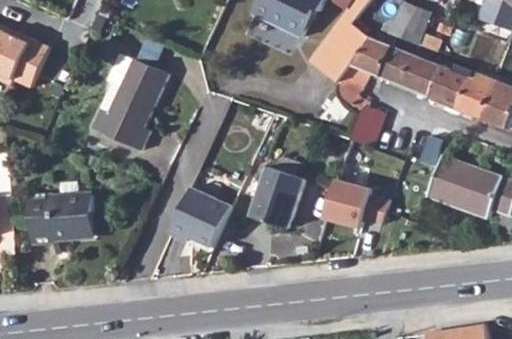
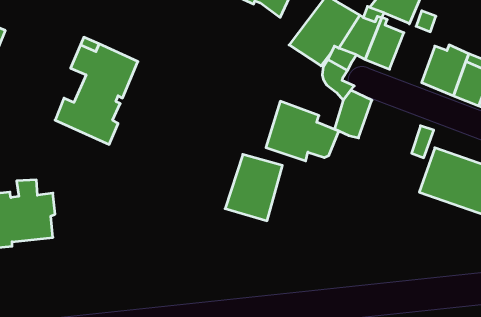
building: [398,52,439,97] -> none
building: [322,173,388,227] -> [266,101,339,161]
building: [174,180,236,241] -> none

